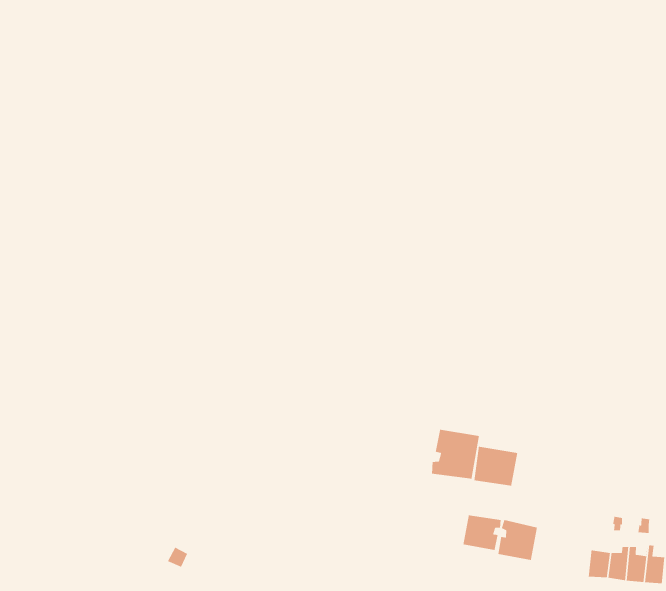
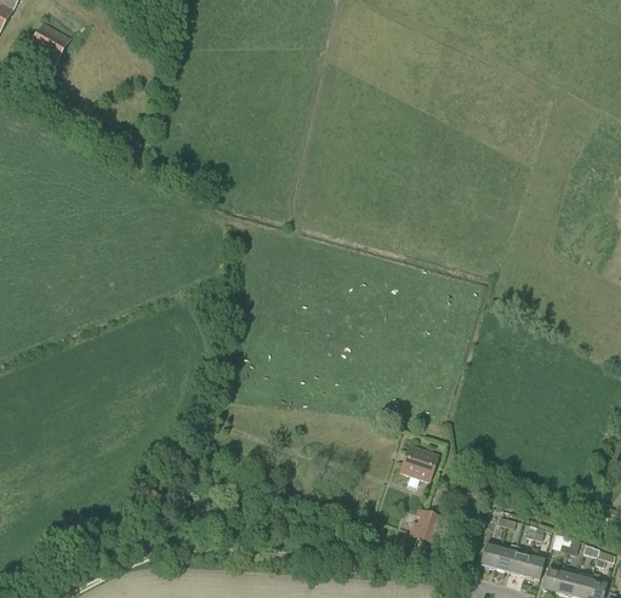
building: [431,429,480,480] -> none
building: [463,515,501,551] -> none

